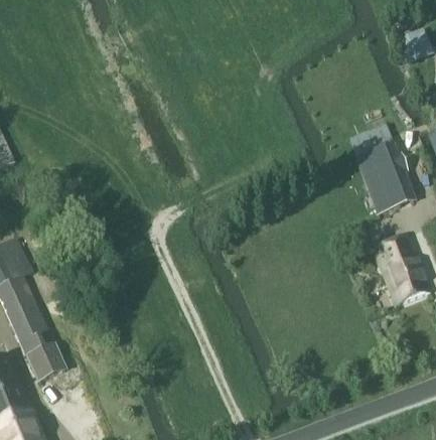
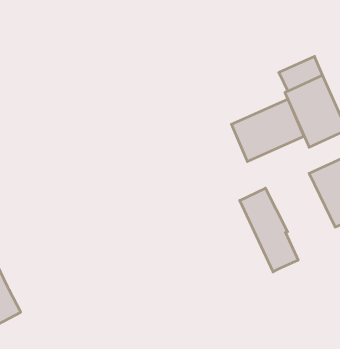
building: none -> [231,99,304,162]
building: none -> [240,188,298,272]

